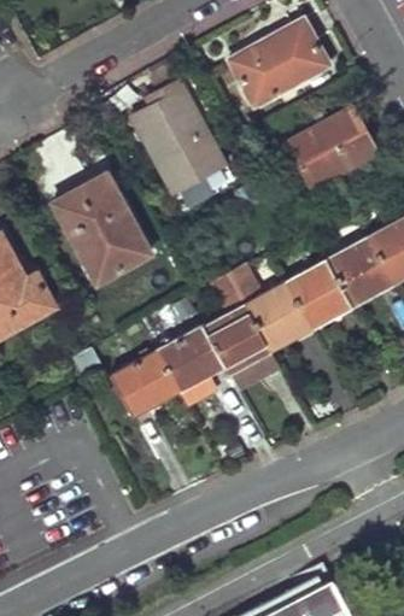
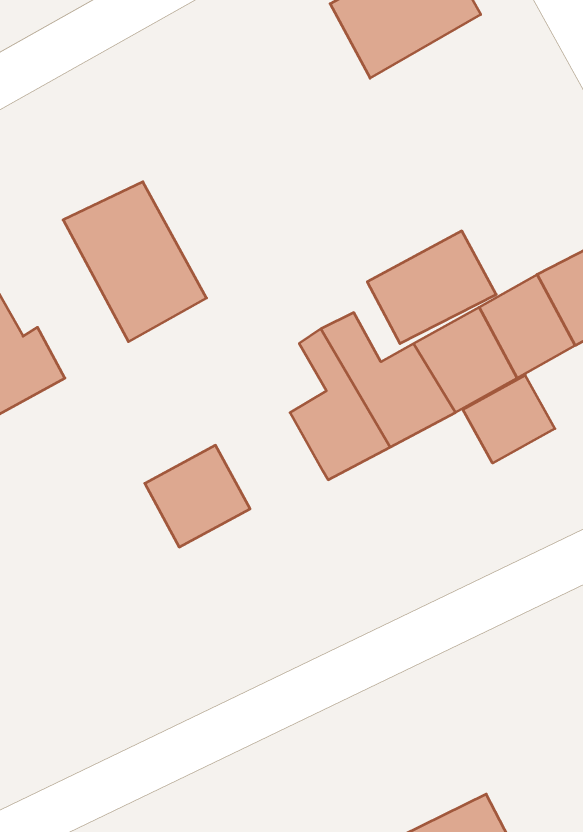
building: [129,78,227,193] -> none
building: [291,107,376,182] -> [367,231,496,344]
building: none -> [463,375,555,463]
building: [154,324,226,392] -> none

